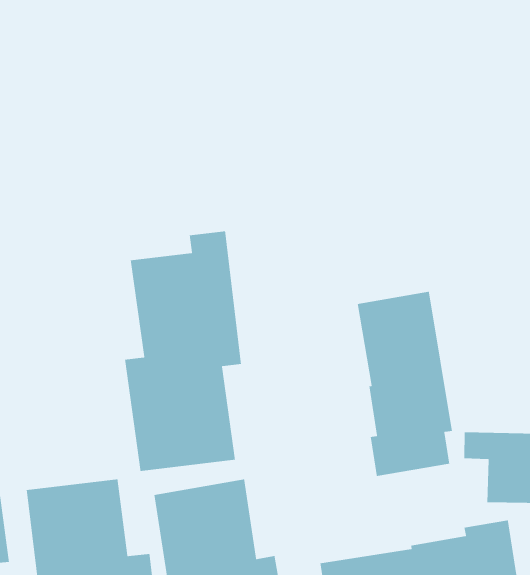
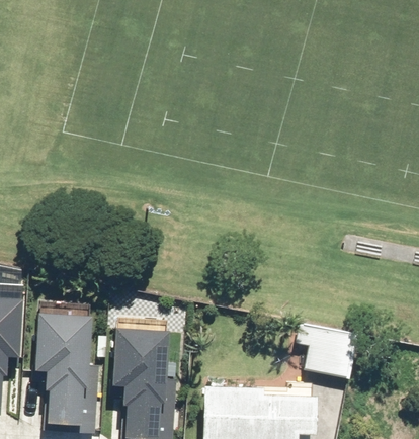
building: [124,231,242,472] -> none
building: [357,291,453,477] -> none

